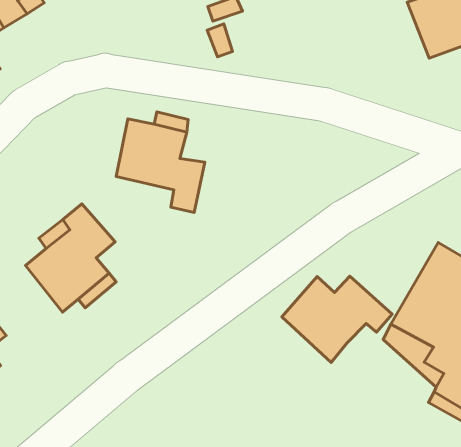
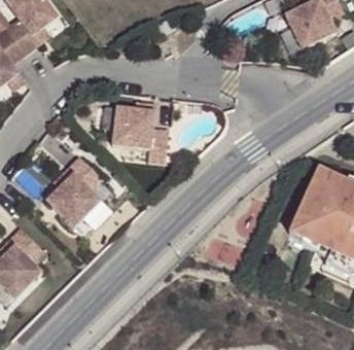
building: [282,276,392,362] -> none

